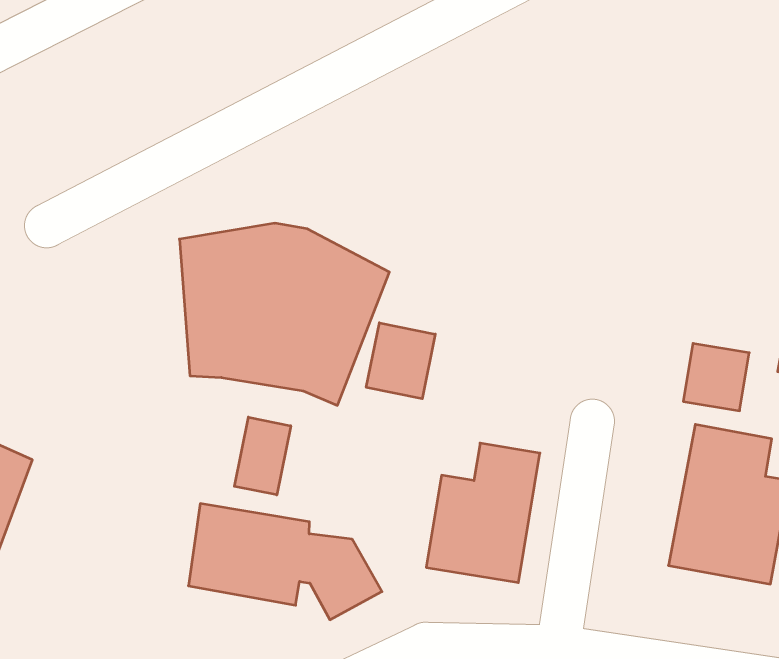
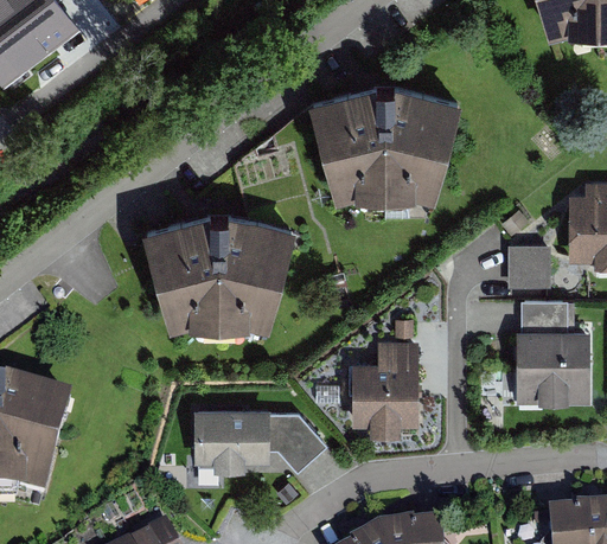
building: none -> [315,88,459,200]
building: [366,323,435,399] -> none
building: [234,417,291,495] -> none

